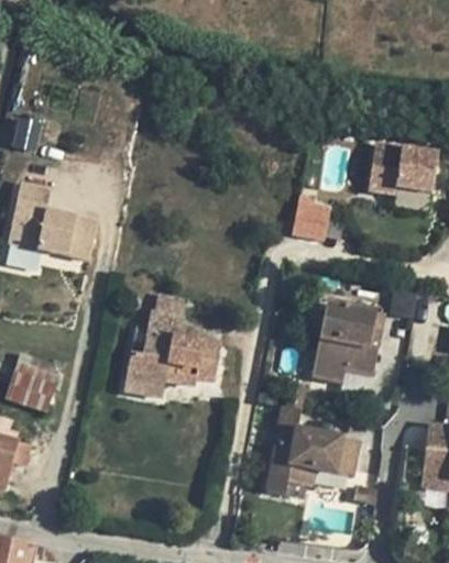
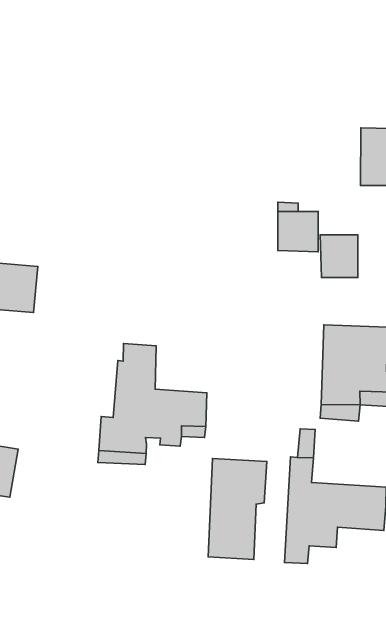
building: none -> [320,235,358,278]
building: none -> [208,458,267,559]

